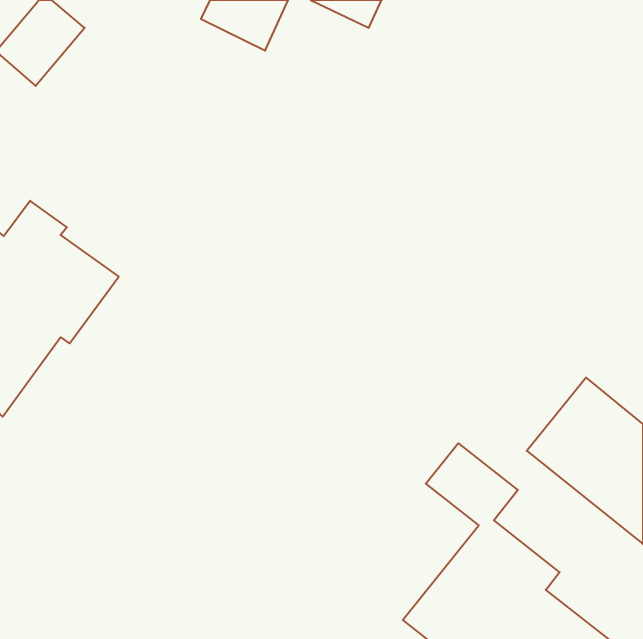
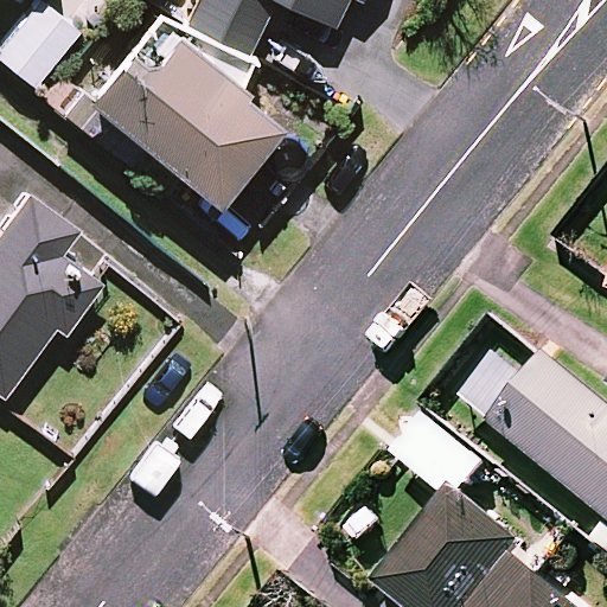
building: none -> [94,19,283,200]

